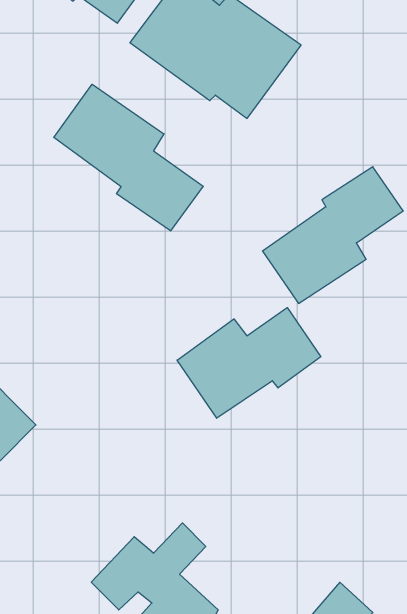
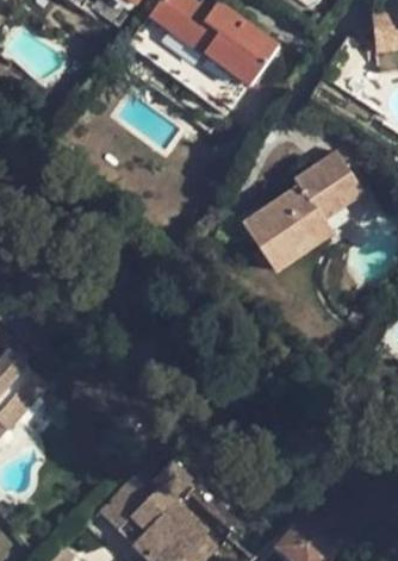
building: [54,84,203,231] -> none
building: [177,308,321,418] -> none

